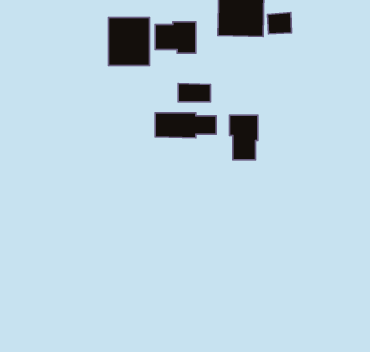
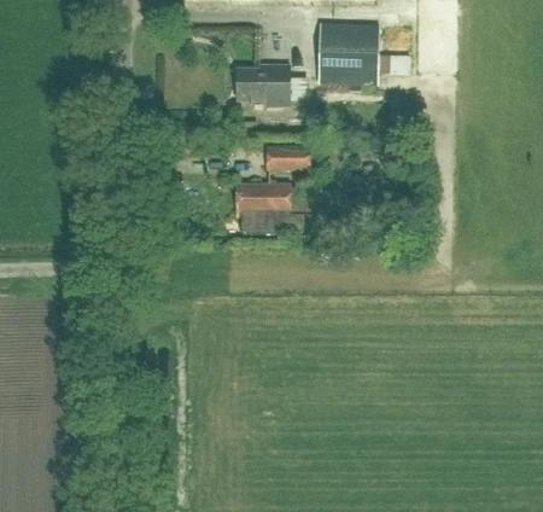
building: [108,17,150,66] -> none
building: [229,115,258,160] -> none

